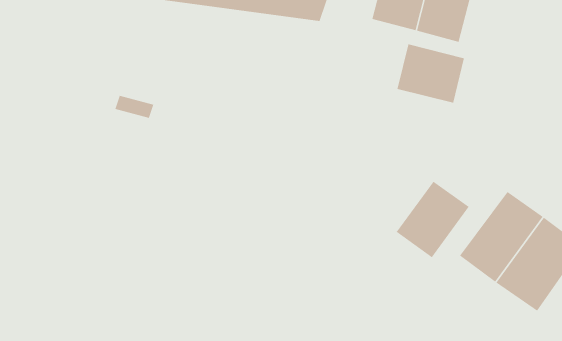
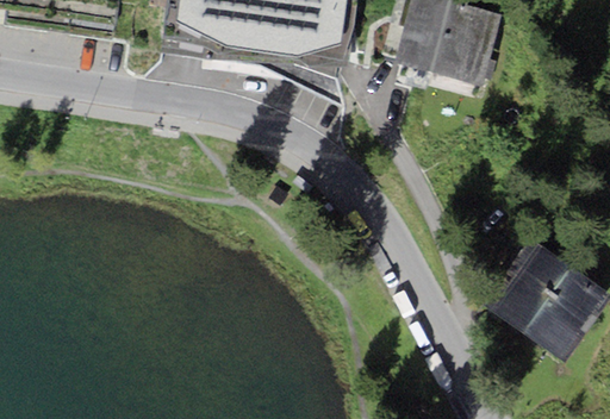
building: [397,43,464,104] -> none
building: [396,181,470,258] -> none

